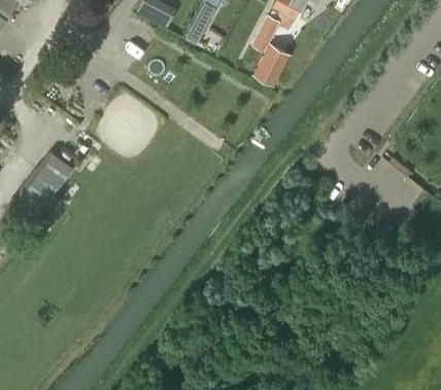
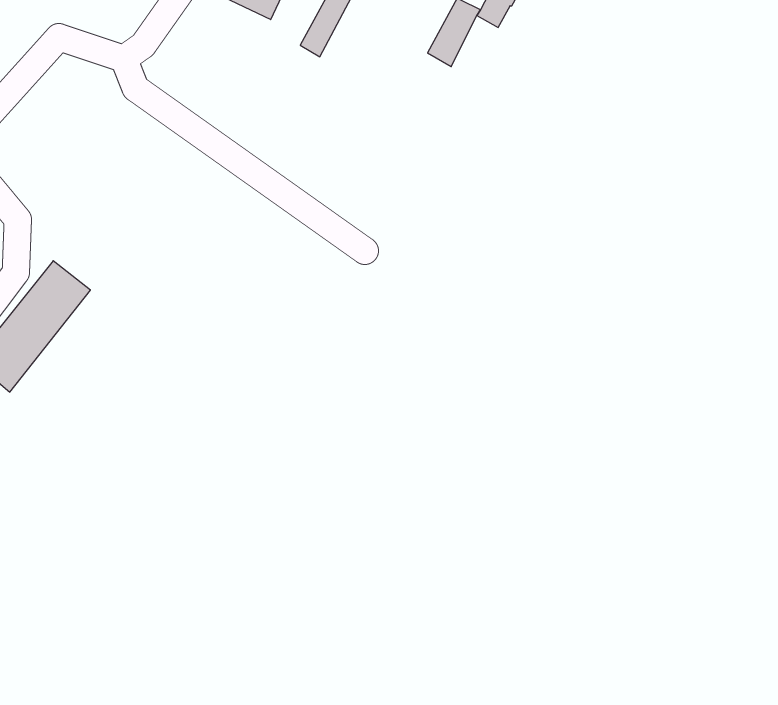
building: [256,44,287,82] -> none

